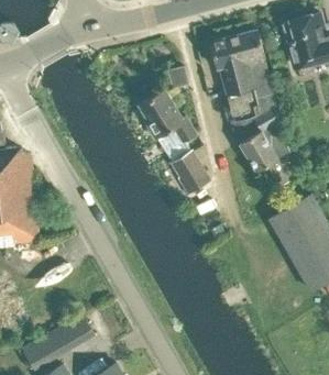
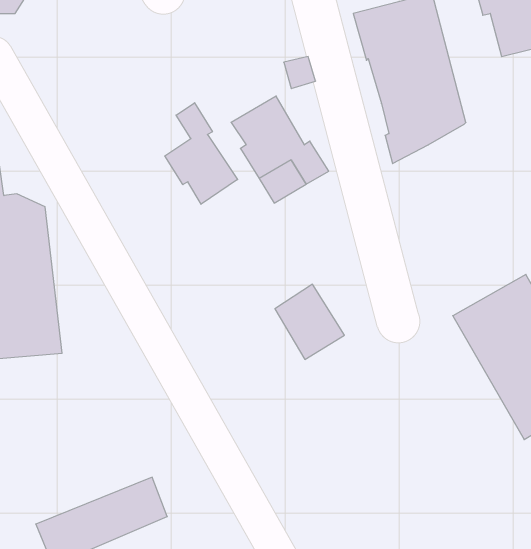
building: none -> [165,103,238,204]
building: [239,106,288,170] -> none
building: [169,148,210,192] -> [275,284,344,359]

